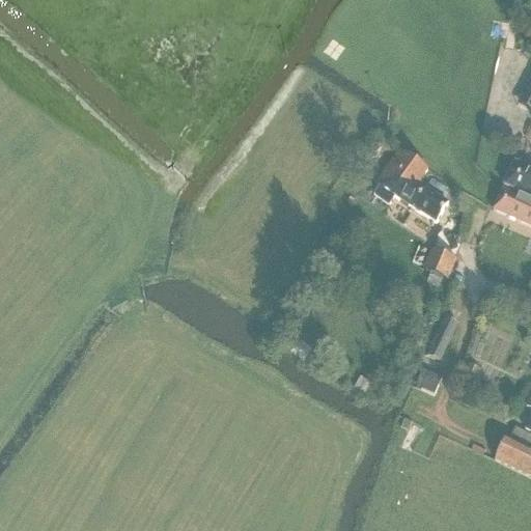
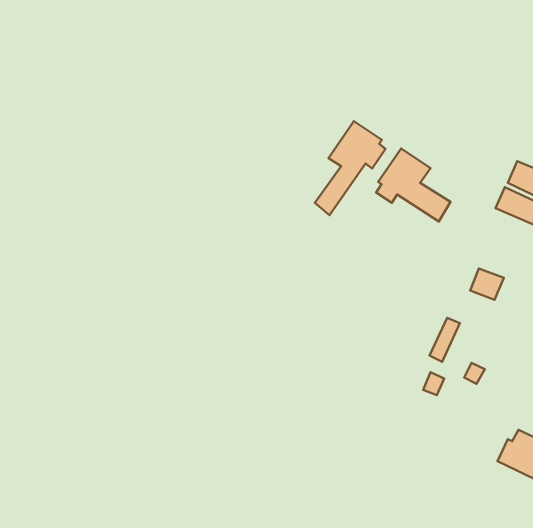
building: none -> [315,121,386,215]
building: [424,246,457,277] -> [470,268,504,300]

